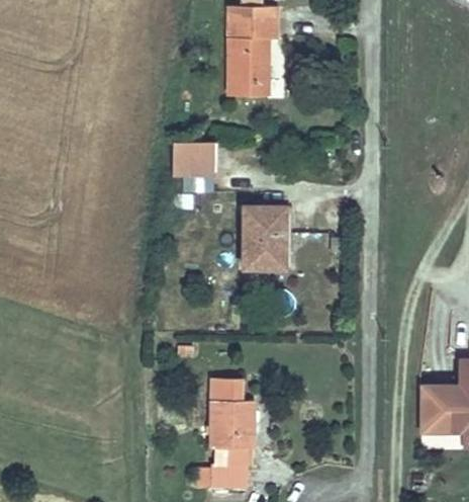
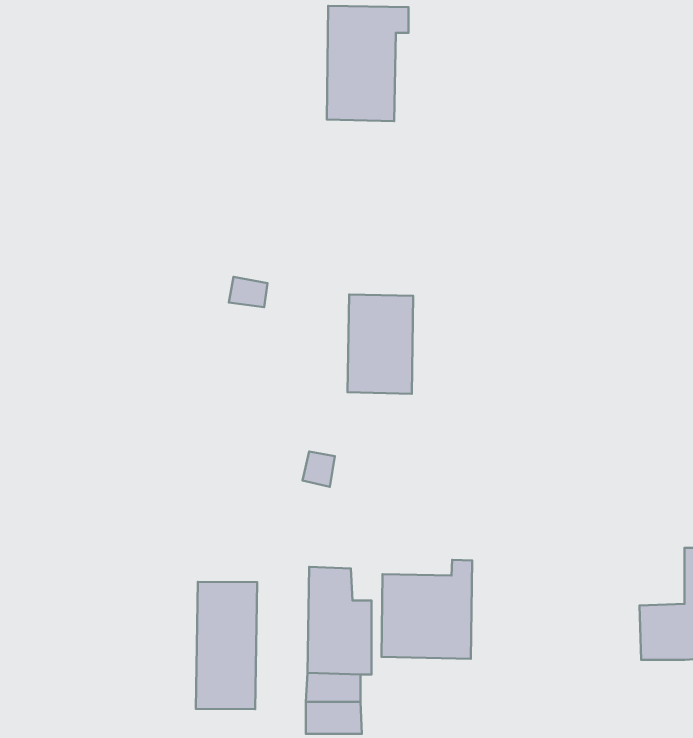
building: [169,145,207,172] -> none
building: none -> [381,560,472,659]
building: none -> [196,582,257,709]

